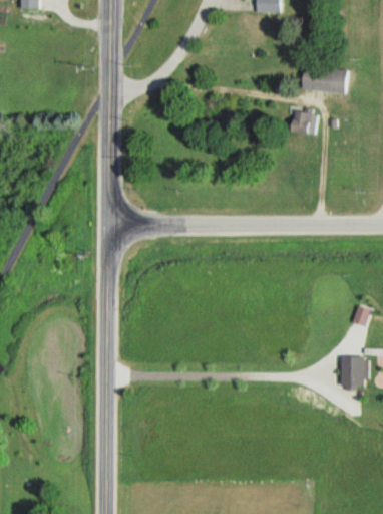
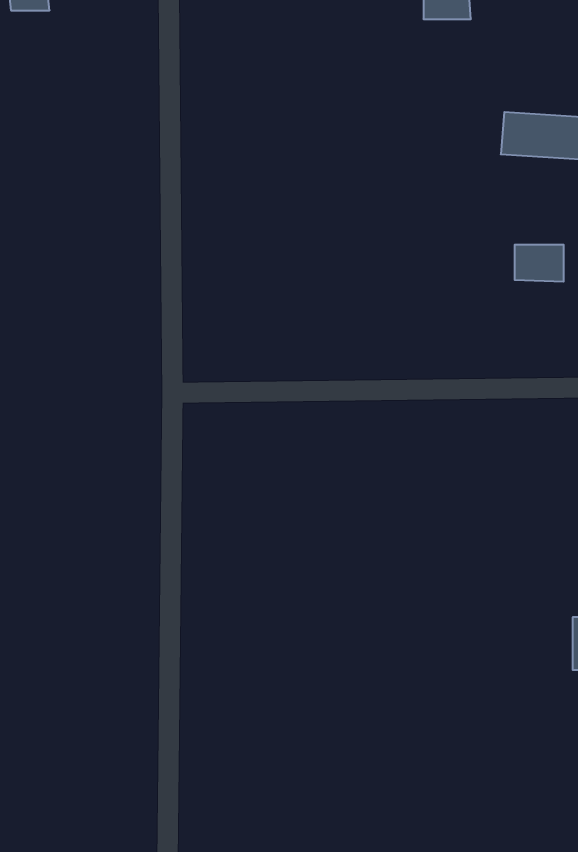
building: [289,112,317,134] -> [515,245,564,282]

